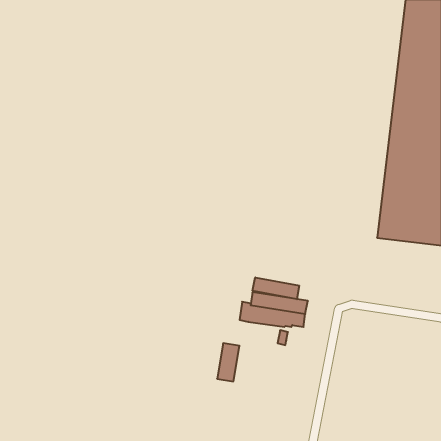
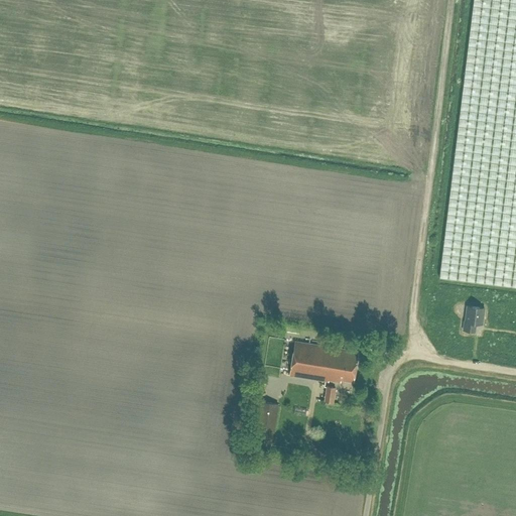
building: none -> [464,304,485,331]
building: [253,277,299,299] -> none

